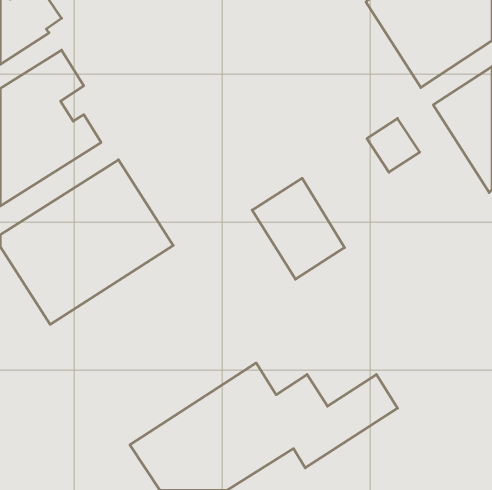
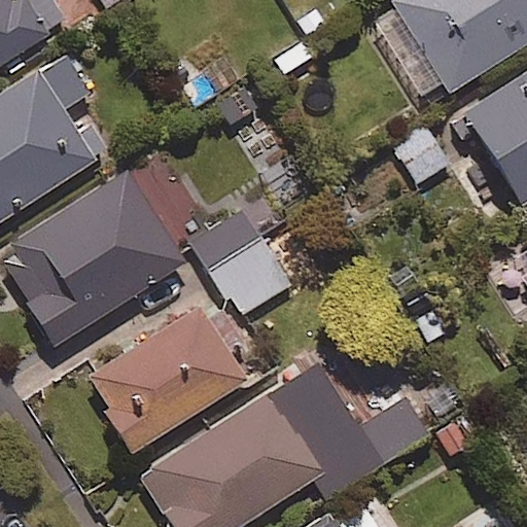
building: [252,178,345,279] -> [189,209,288,317]
building: none -> [84,306,247,452]

